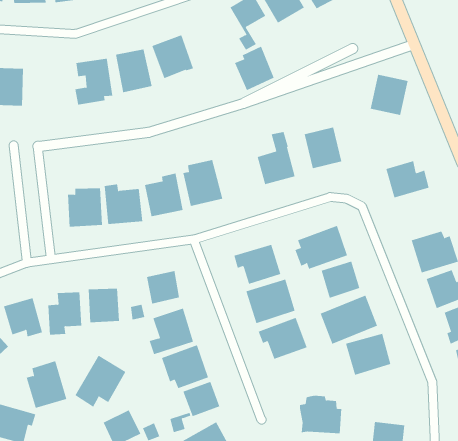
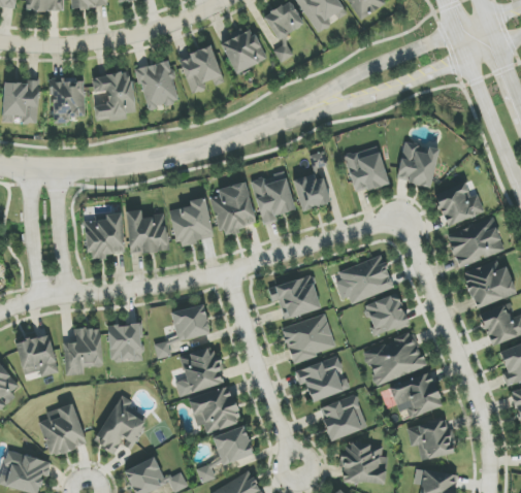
building: [234,46,275,91] -> [222,25,266,74]
building: none -> [51,78,85,123]
building: [370,74,408,115] -> [396,141,438,187]
building: none -> [252,172,296,221]
building: none -> [447,218,504,267]
building: none -> [320,395,367,440]
building: none -> [408,420,453,459]

